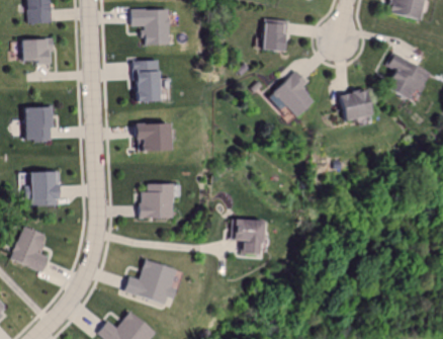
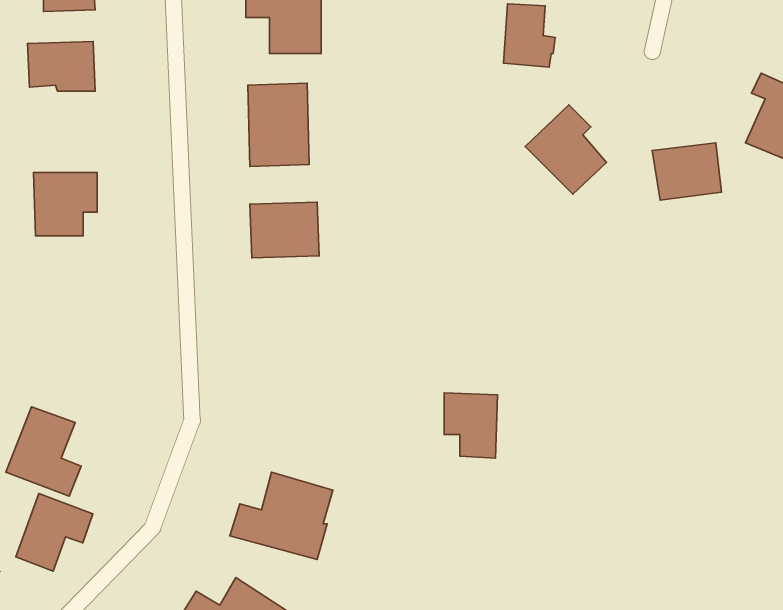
building: [28,170,60,205] -> none
building: [140,183,174,218] -> none
building: none -> [16,494,93,571]

